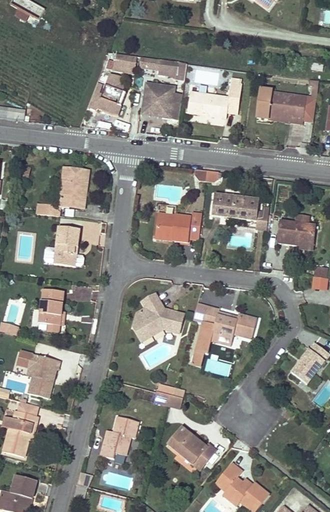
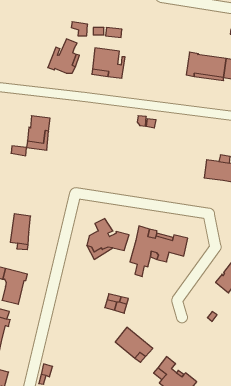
building: [186,83,240,117] -> none
building: [212,193,268,229] -> none
building: [155,213,192,242] -> none
building: [53,225,81,265] -> none
building: [100,416,138,459] -> none

